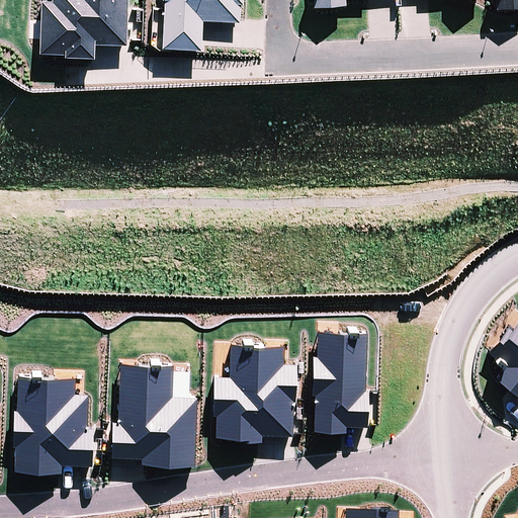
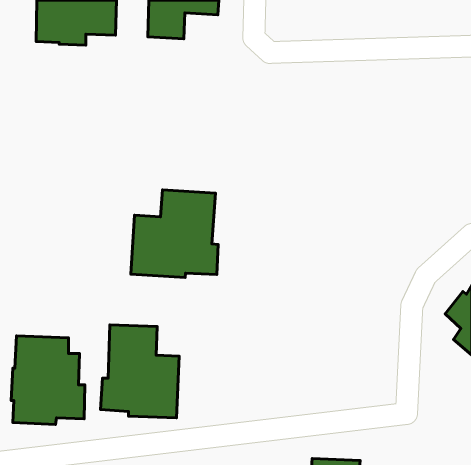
building: none -> [131,190,218,278]
building: [312,332,369,432] -> none
building: [213,344,297,442] -> none

